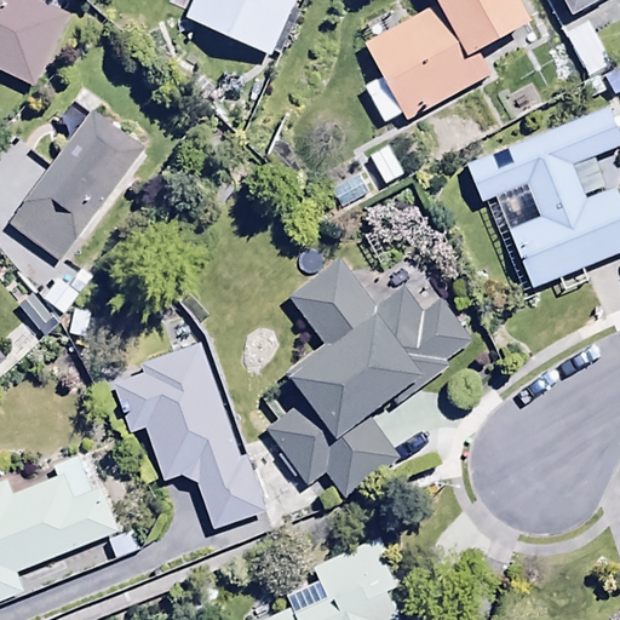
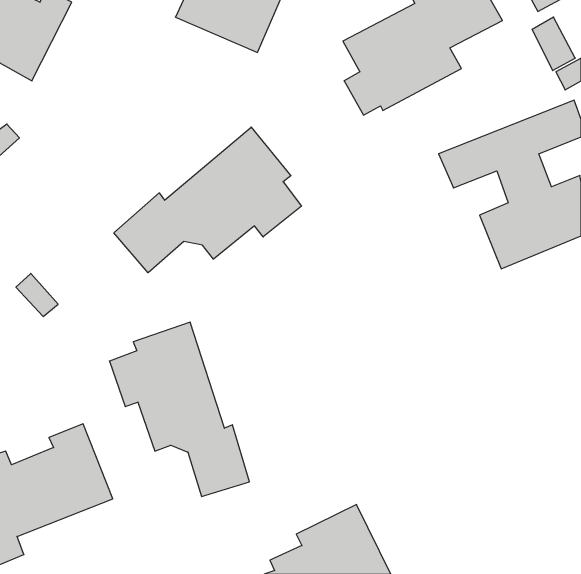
building: [7,110,147,263] -> none
building: none -> [114,127,302,273]
building: [264,260,475,496] -> none

